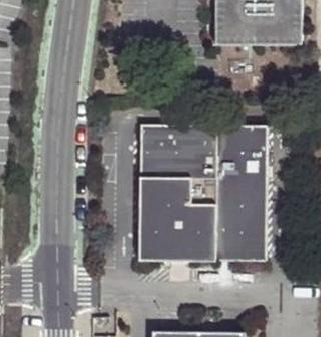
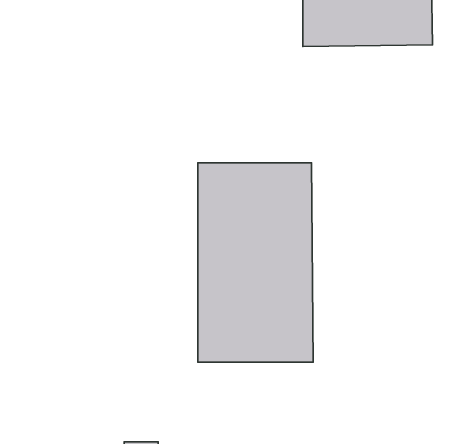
building: [217,124,268,261] -> none

